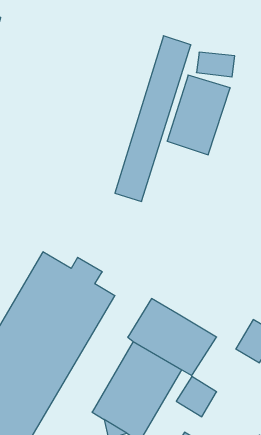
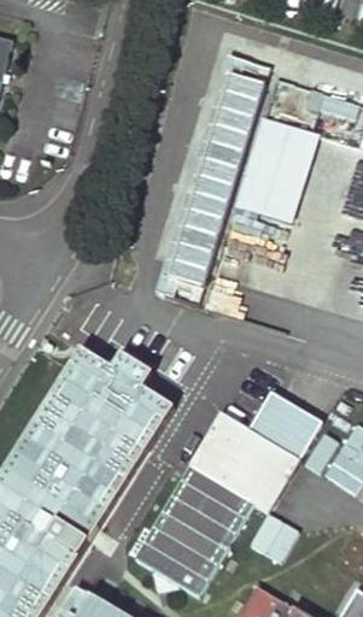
building: none -> [250,393,322,460]

